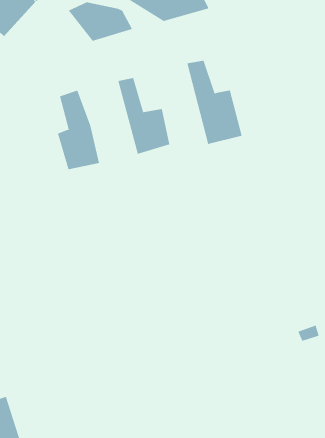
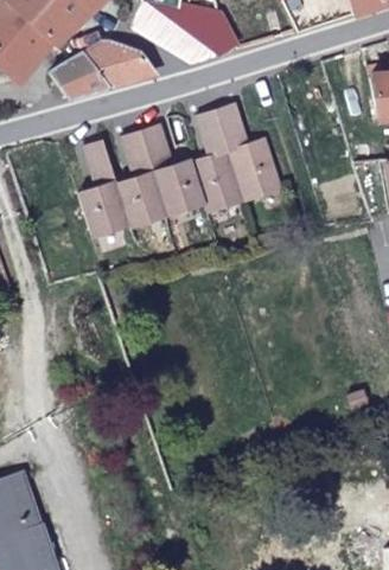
building: none -> [53,53,115,98]
building: none -> [191,110,240,207]
building: none -> [114,129,164,218]

